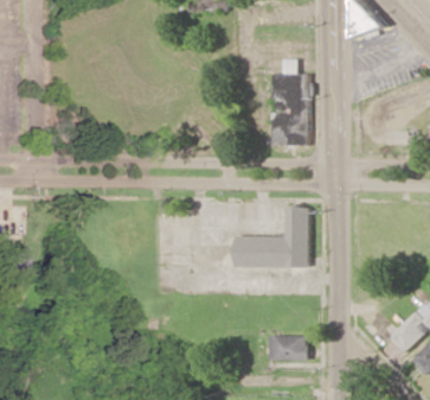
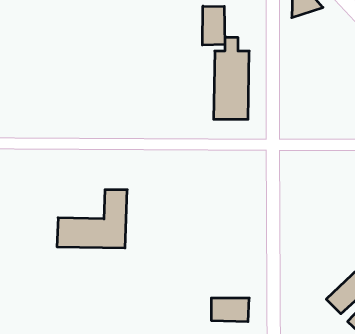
building: none -> [202,6,225,45]
building: [235,207,309,268] -> [57,190,127,248]

